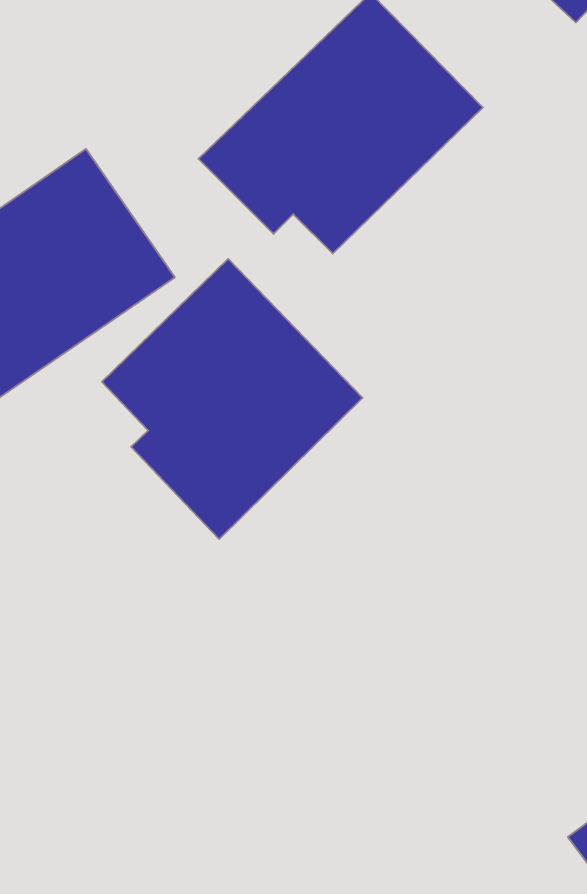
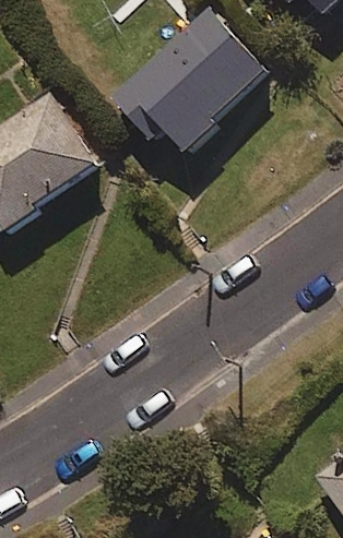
building: [102,259,363,539] -> none

